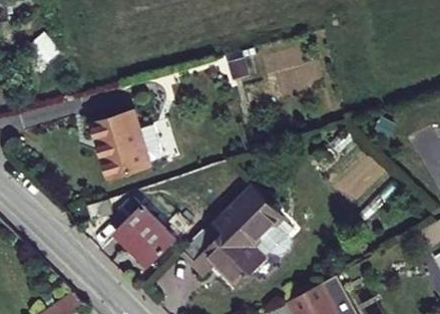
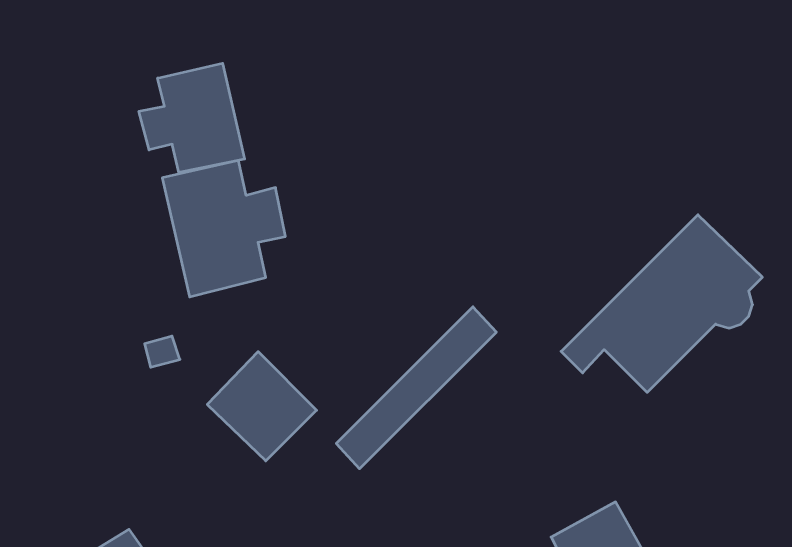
building: none -> [139,63,245,172]
building: [192,195,296,286] -> [561,215,762,392]

